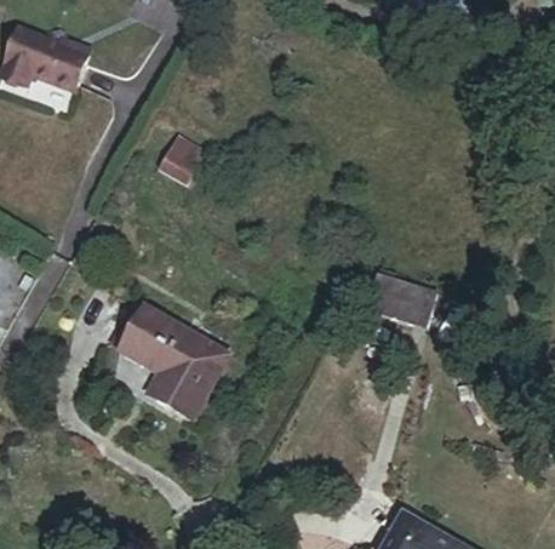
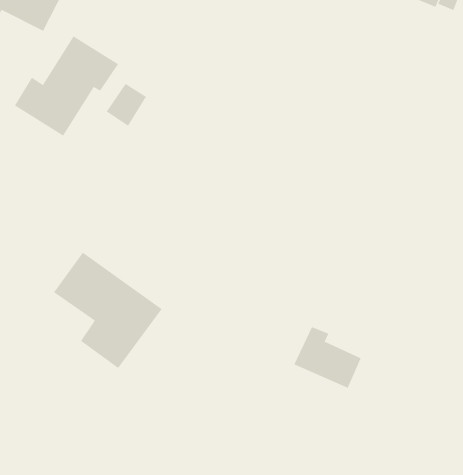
building: none -> [14,36,119,137]
building: [367,265,434,322] -> [293,326,362,388]

